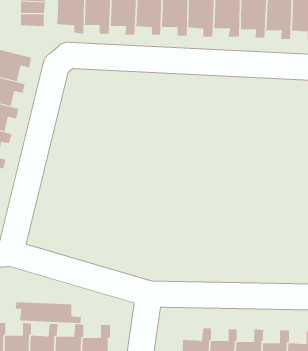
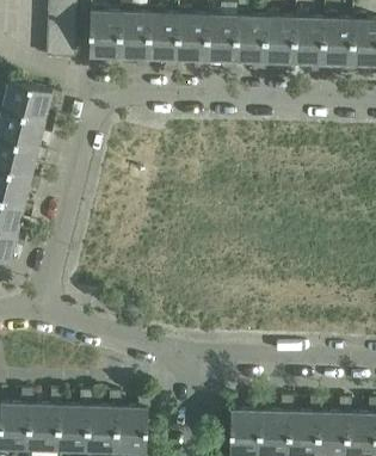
building: [14,302,83,324] -> none

